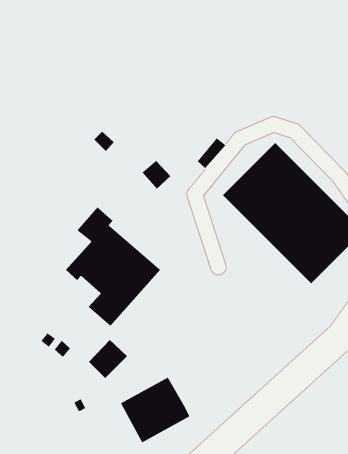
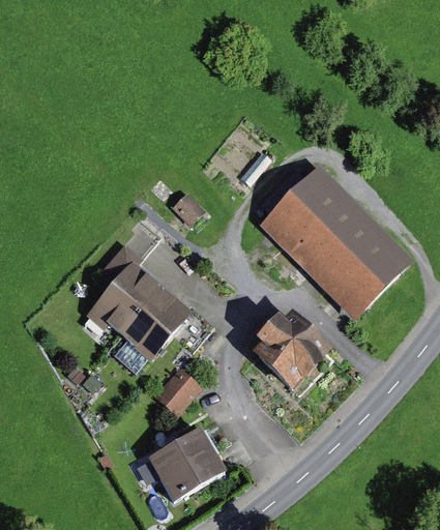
building: none -> [257,314,333,392]
building: [88,339,128,379] -> [156,364,200,408]

